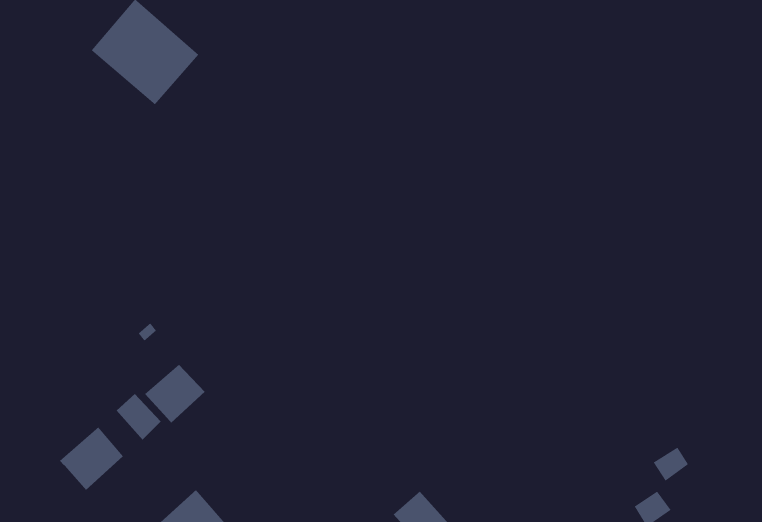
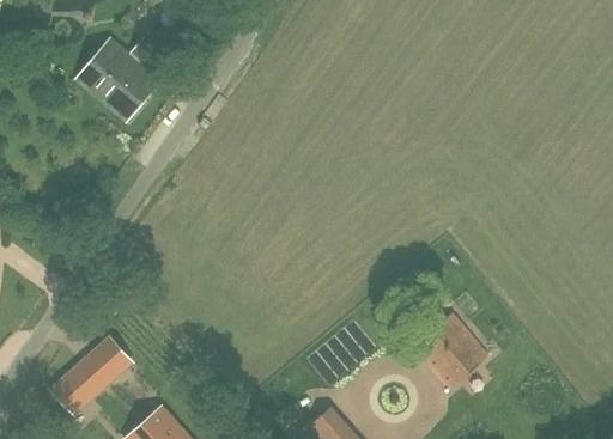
building: none -> [415,313,488,386]
building: [144,364,206,423] -> none

